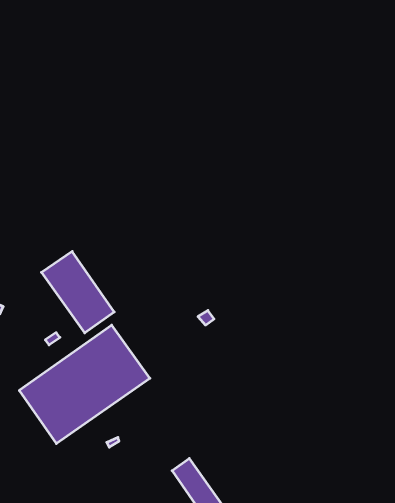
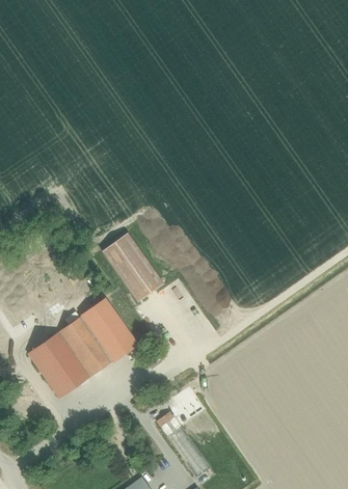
building: [41,251,114,333] -> [102,234,163,302]

